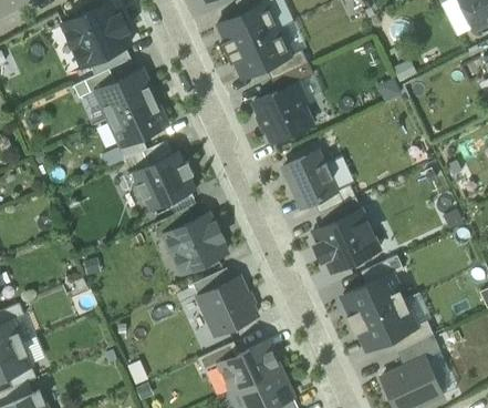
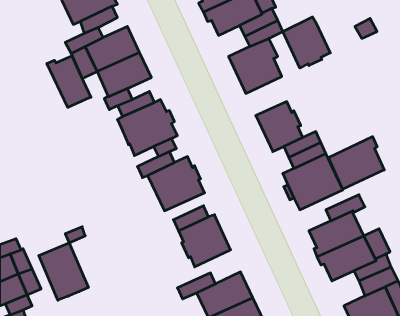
building: none -> [283,17,330,68]
building: none -> [47,56,91,107]
building: none -> [329,137,384,189]
building: none -> [39,243,88,300]

